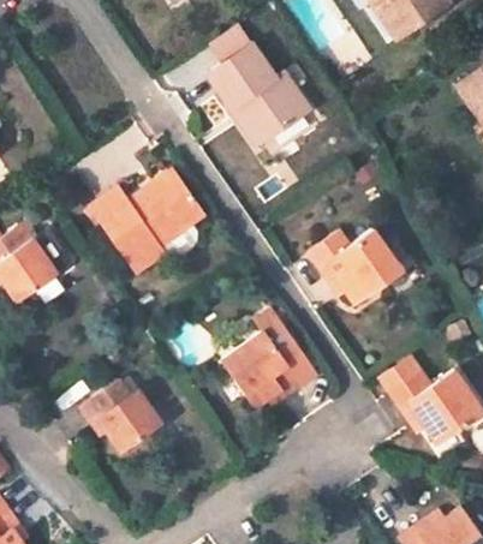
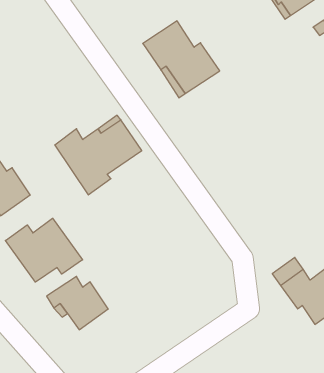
building: [310,229,404,303] -> none
building: none -> [5,218,83,282]
building: [221,321,315,406] -> none

